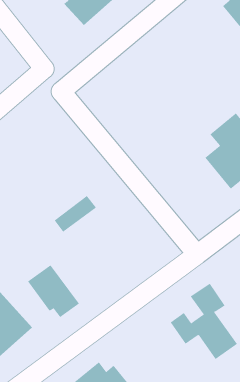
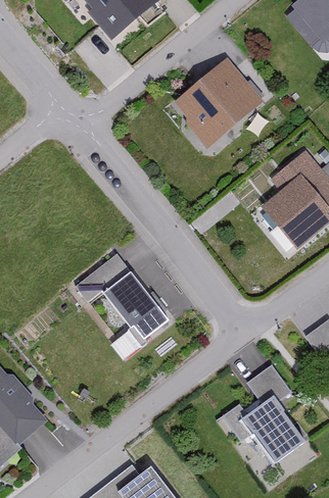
building: none -> [174,59,262,148]
building: [27,264,80,318] -> [104,271,171,339]

